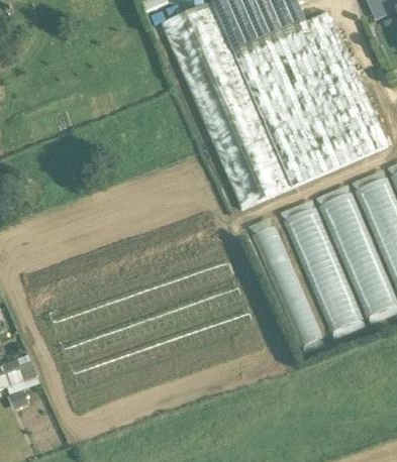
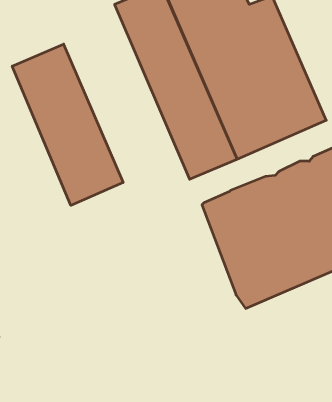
building: none -> [12,44,123,205]

